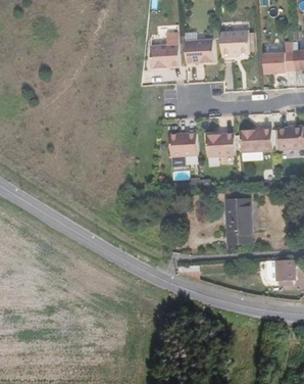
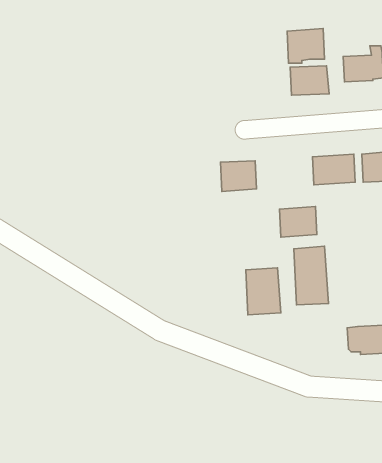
building: [185,40,214,62] -> [290,66,329,95]
building: [150,44,180,67] -> none
building: [206,133,235,156] -> [279,207,317,237]
building: none -> [246,268,281,315]

